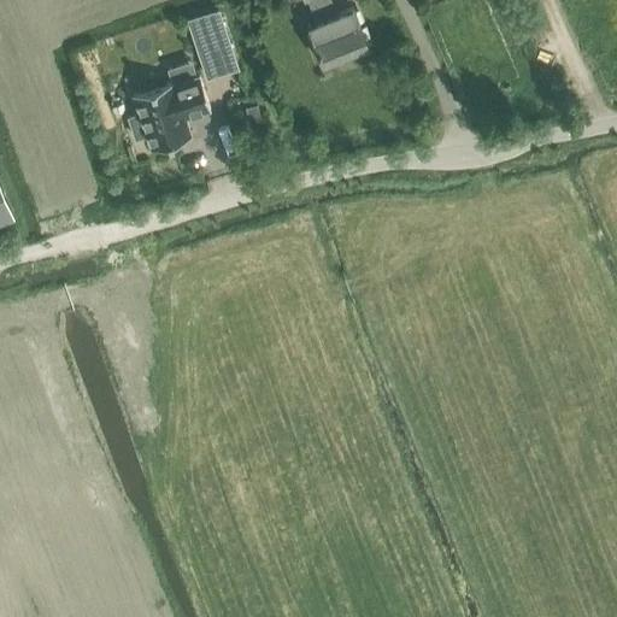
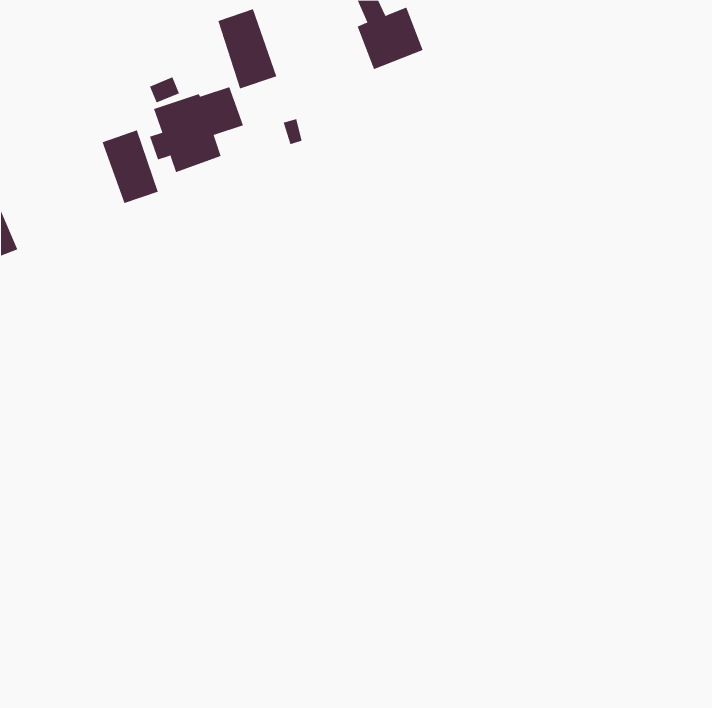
building: none -> [102,129,158,204]

